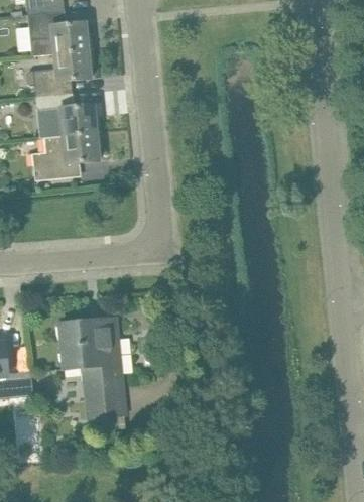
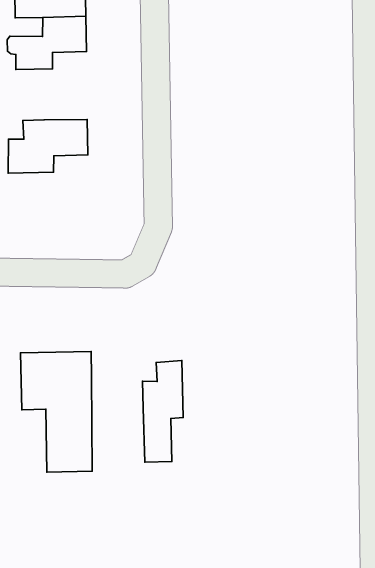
building: [36,93,97,134] -> none
building: none -> [143,360,183,462]

